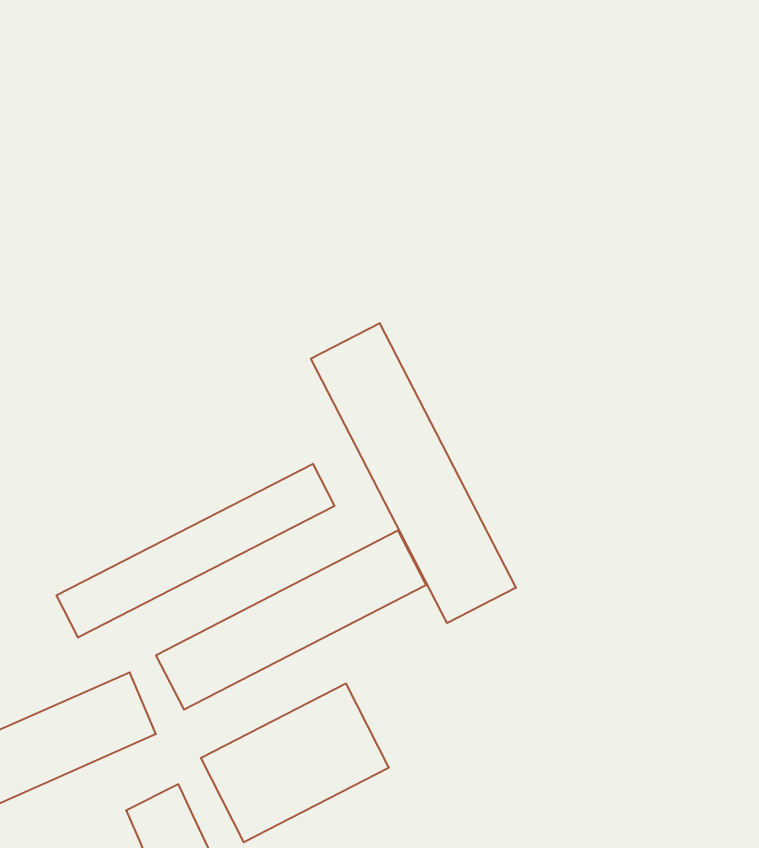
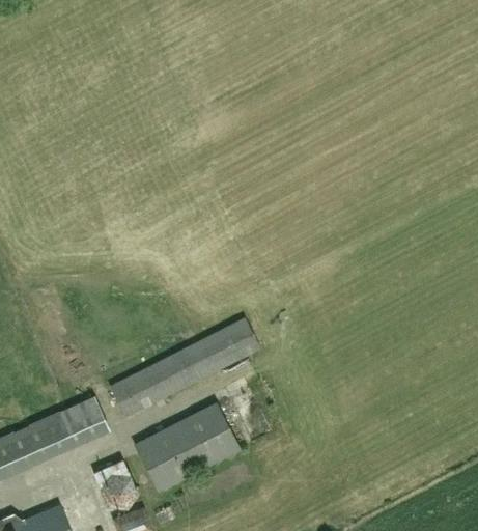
building: [311,323,516,623] -> none
building: [56,464,334,638] -> none

